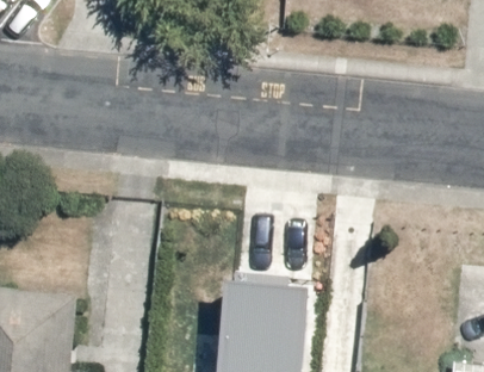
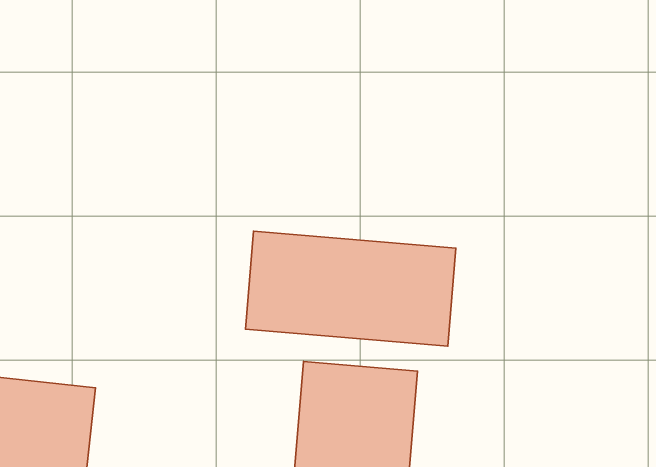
building: none -> [246,231,456,346]

